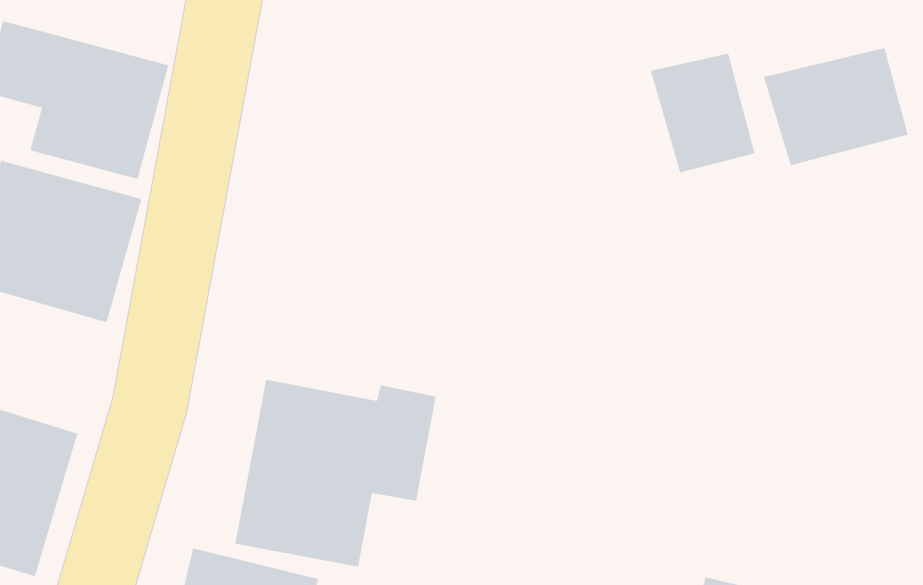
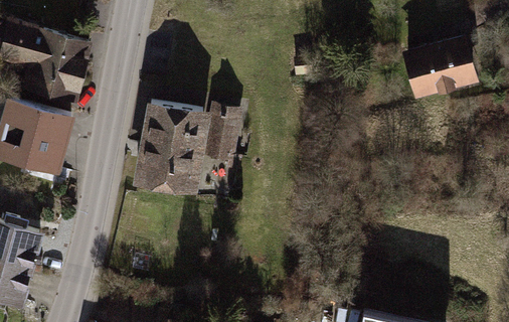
building: [650,53,755,173] -> none
building: [235,379,436,567] -> [130,101,234,198]

